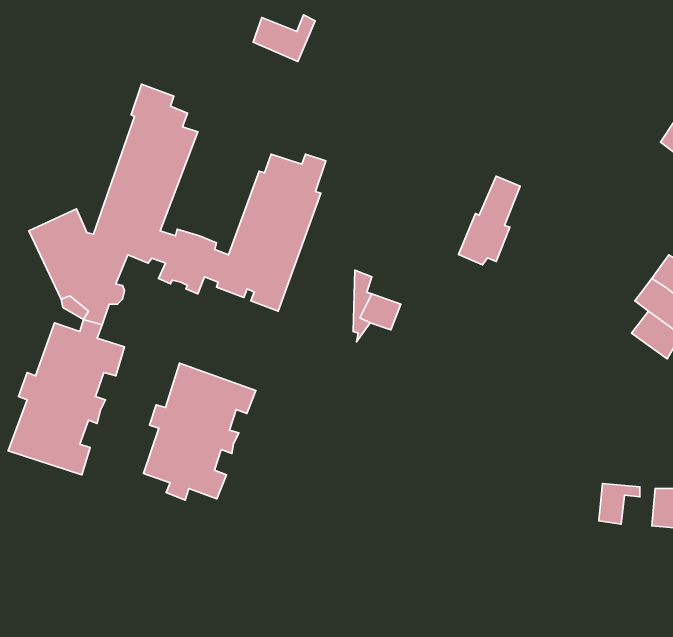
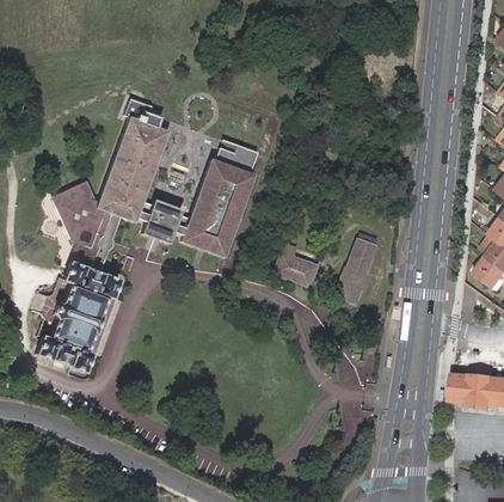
building: [253,15,315,61] -> none
building: [459,176,520,265] -> [334,240,377,302]
building: [144,363,256,500] -> none
building: none -> [466,379,490,410]

